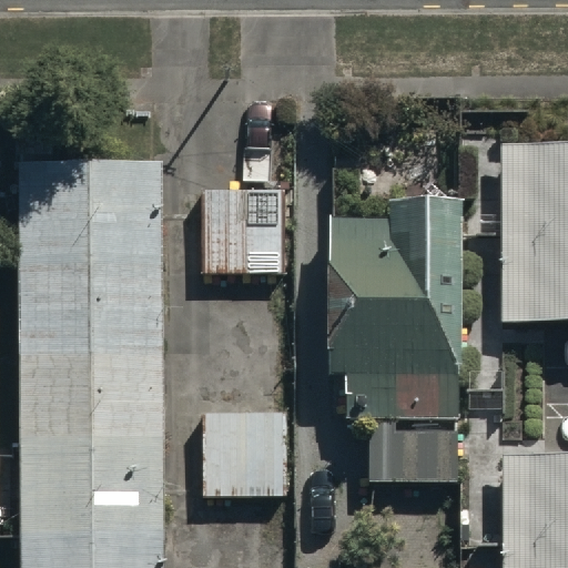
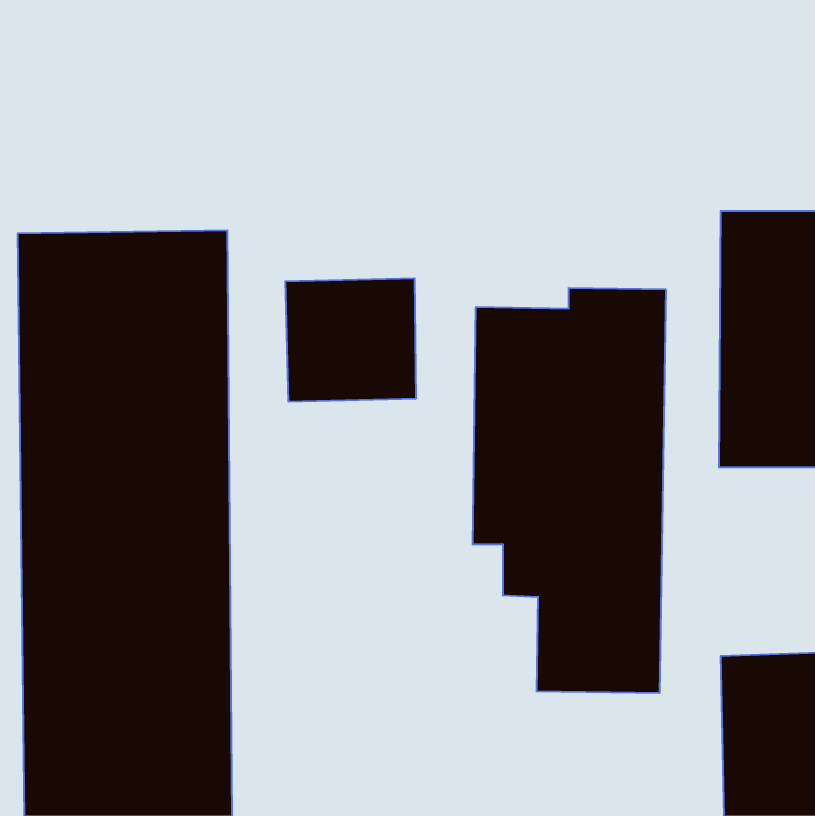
building: [199,409,287,507] -> none

